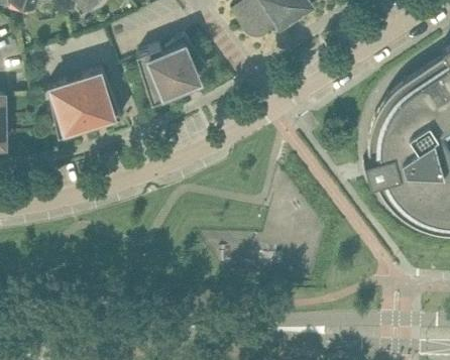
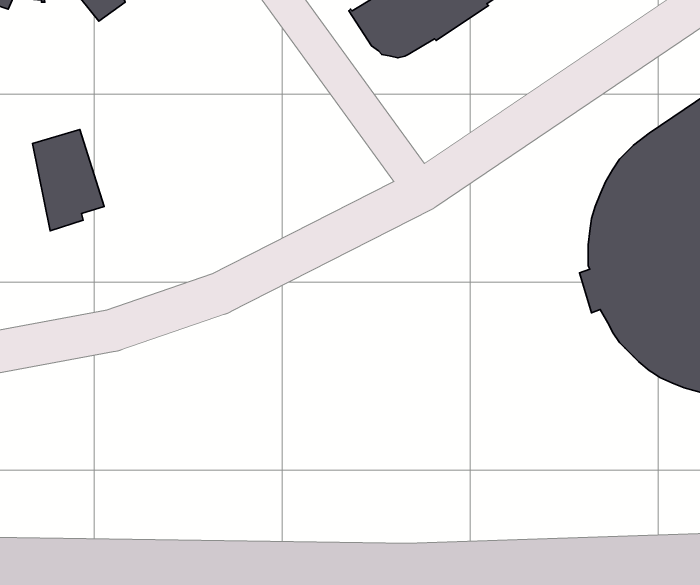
building: [137,35,207,104] -> none
building: [76,70,123,123] -> none

